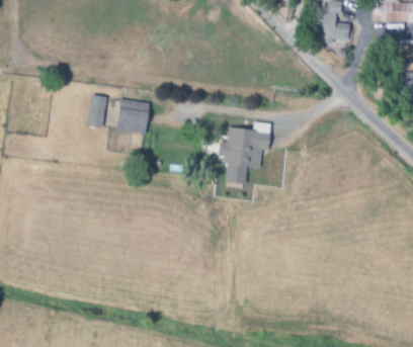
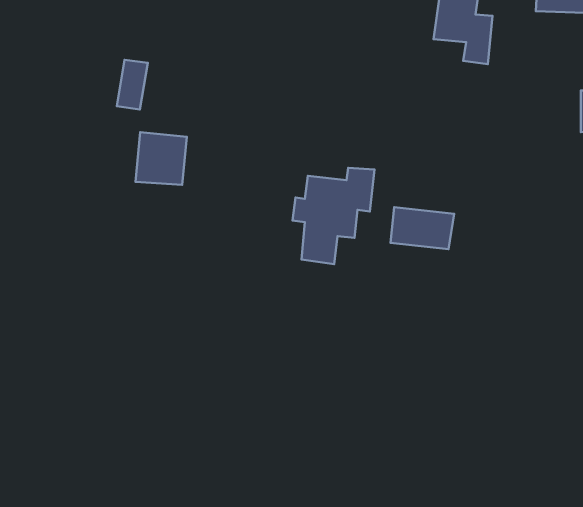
building: [87,94,107,126] -> [117,60,148,109]
building: none -> [391,207,454,249]

